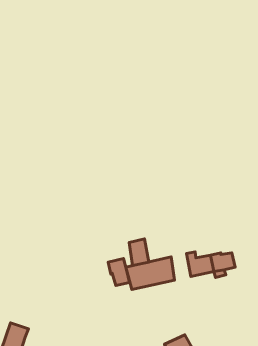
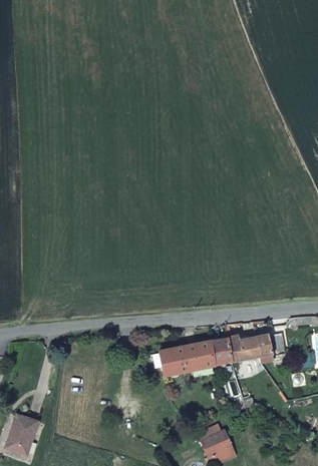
building: [129,239,149,265] -> [206,336,229,367]
building: [108,258,129,286] -> none

